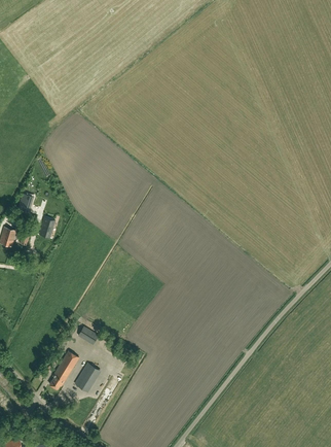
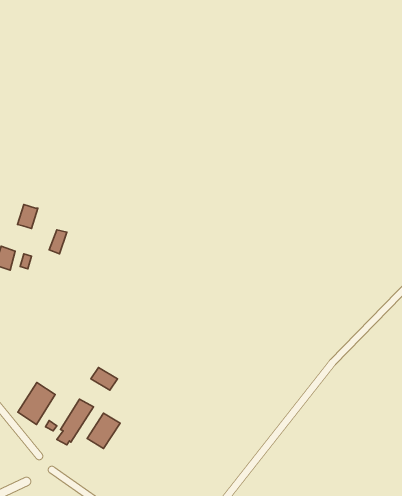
building: none -> [18,382,55,425]

